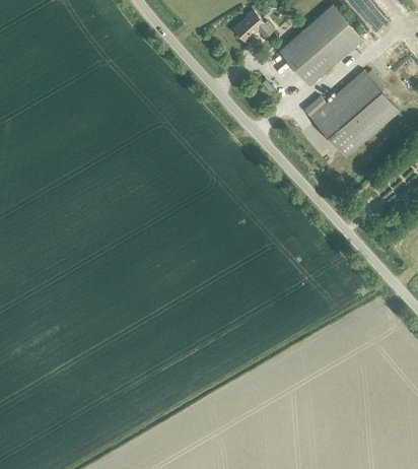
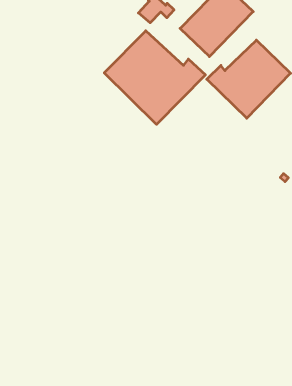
building: none -> [104,31,205,124]

